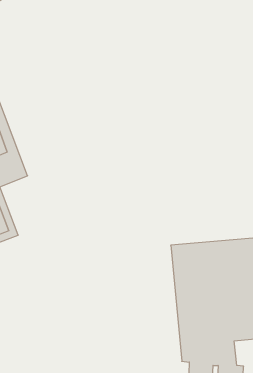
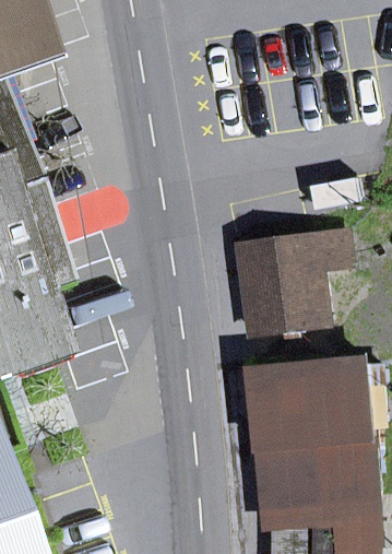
building: none -> [242,231,351,332]

